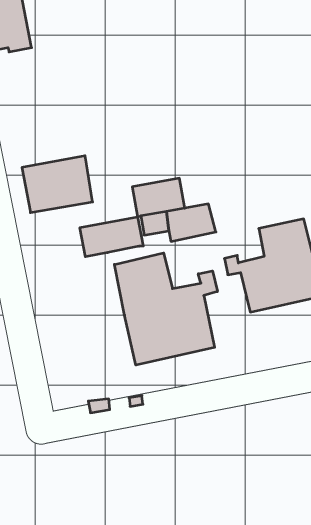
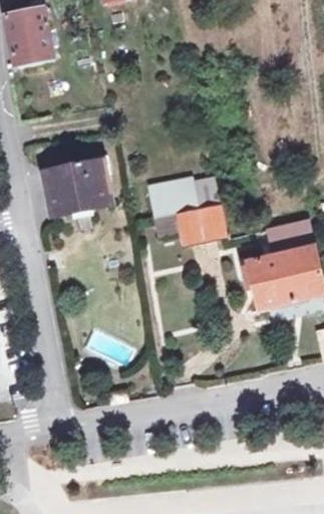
building: [80,217,143,257] -> none
building: [114,253,217,365] -> none

